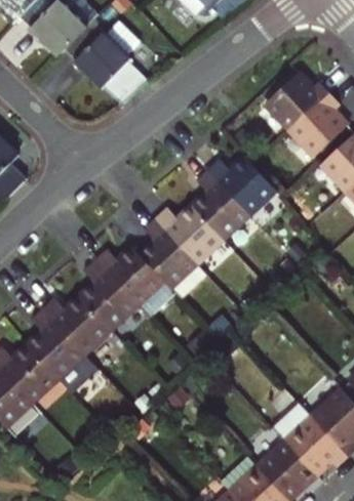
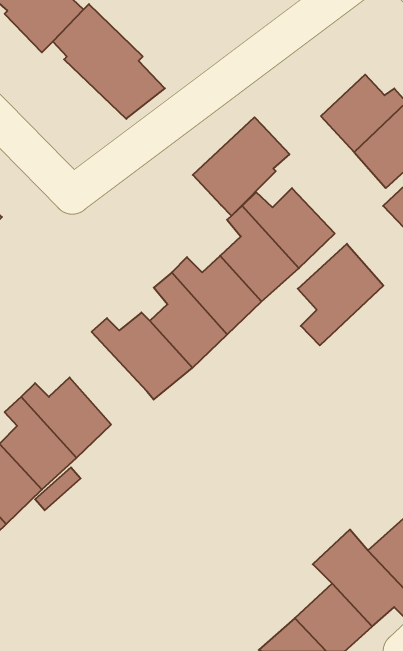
building: none -> [193,117,289,216]
building: none -> [298,244,383,345]
building: [81,262,139,331] -> none

